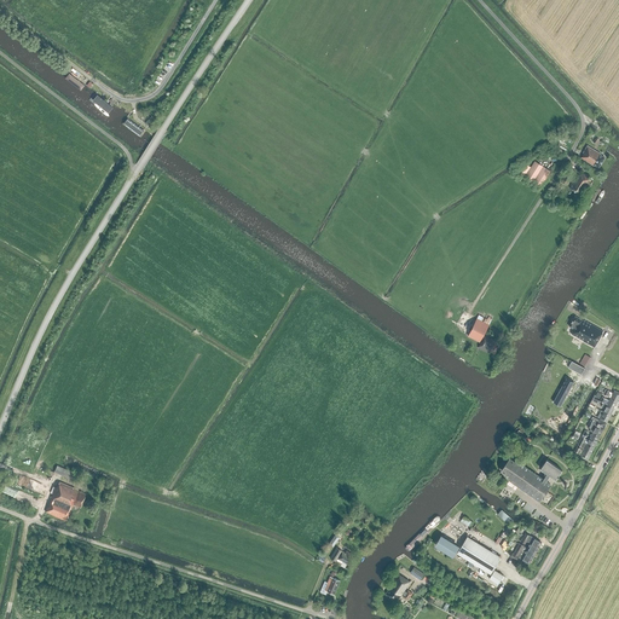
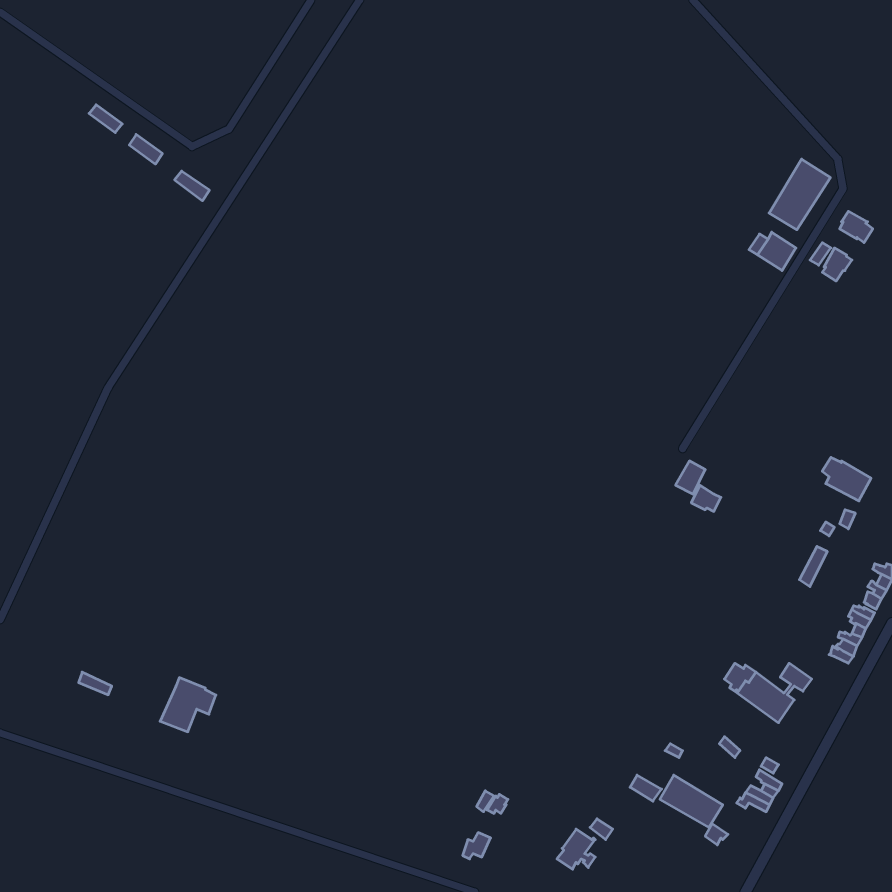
building: none -> [769,159,830,230]
building: [46,482,85,520] -> [160,678,216,732]

